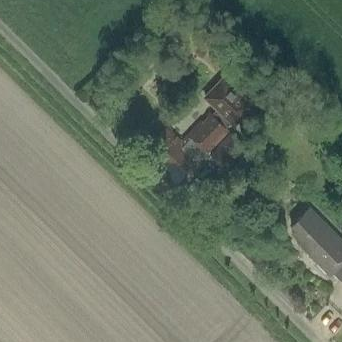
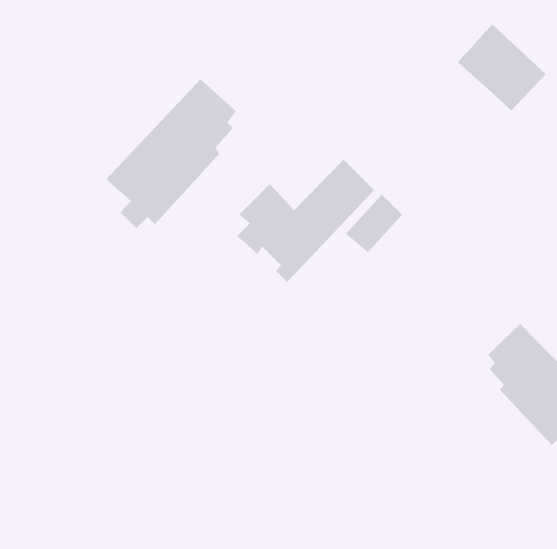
building: none -> [105,78,237,229]
building: [202,76,253,126] -> [457,24,546,111]

